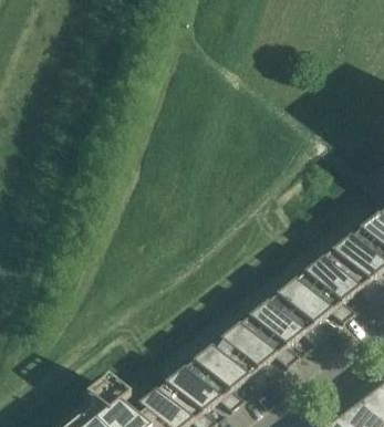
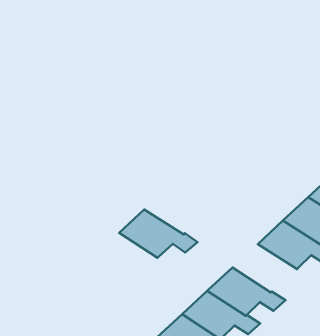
building: [248,293,328,344] -> [119,209,197,258]

